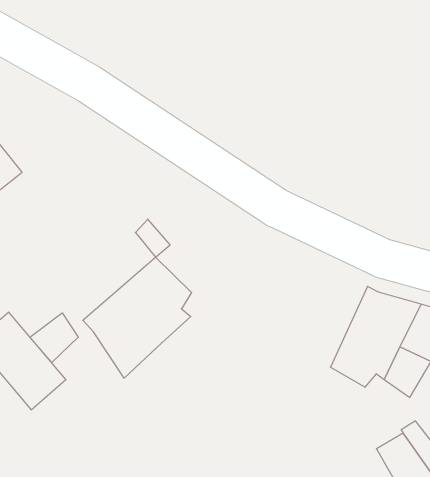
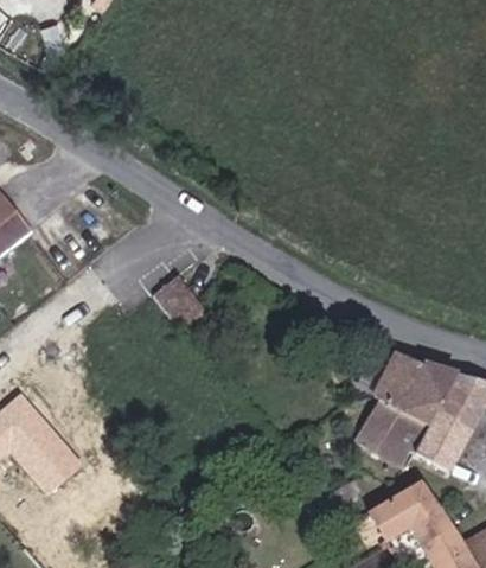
building: [83,257,192,378] -> none
building: [30,313,78,362] -> none
building: none -> [369,486,436,541]

